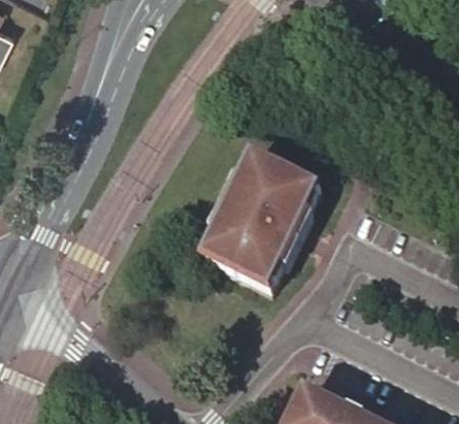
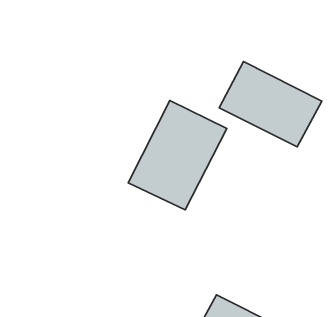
building: none -> [219,61,322,147]

